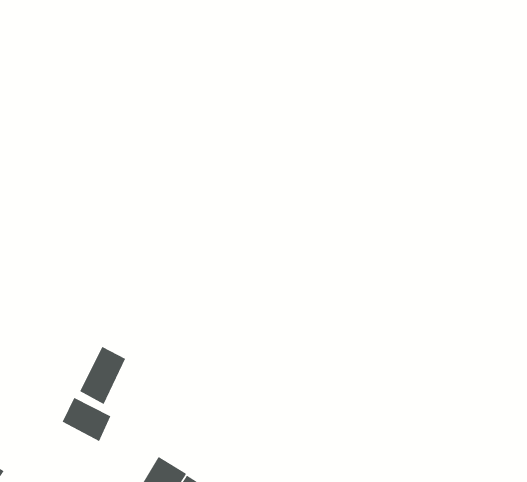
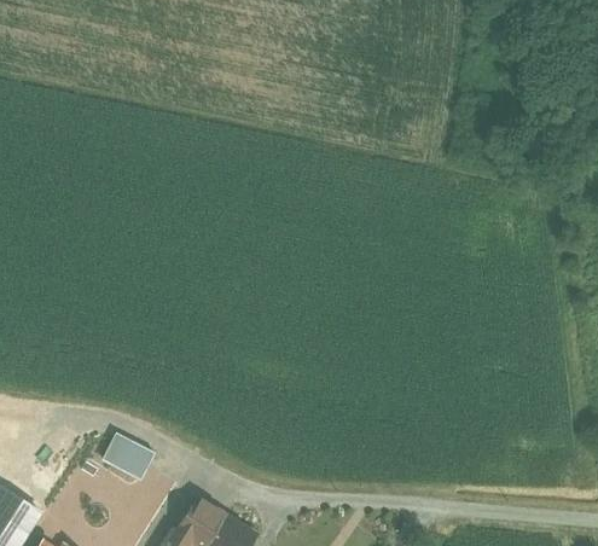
building: [80,346,126,405] -> none

